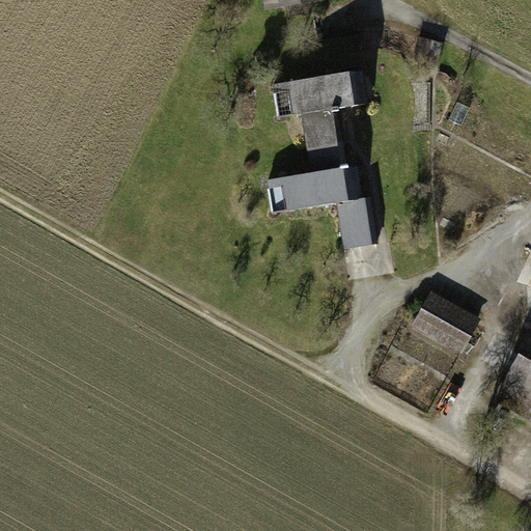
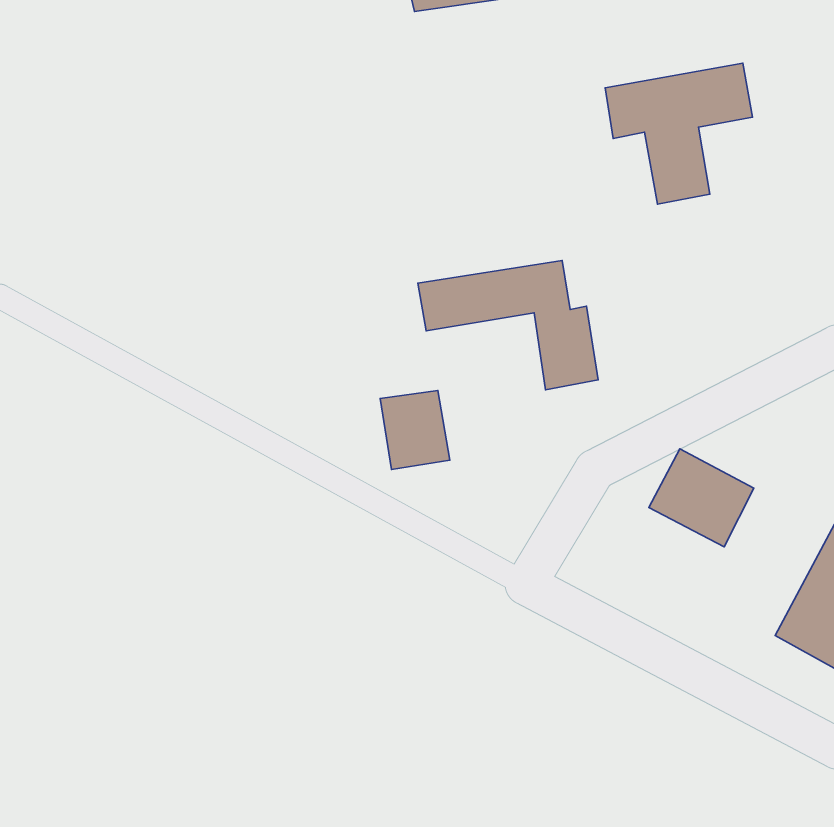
building: [276,69,369,159] -> [605,63,753,204]
building: none -> [380,390,450,470]

